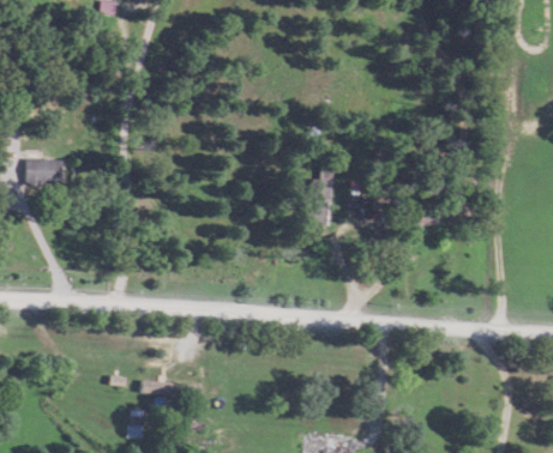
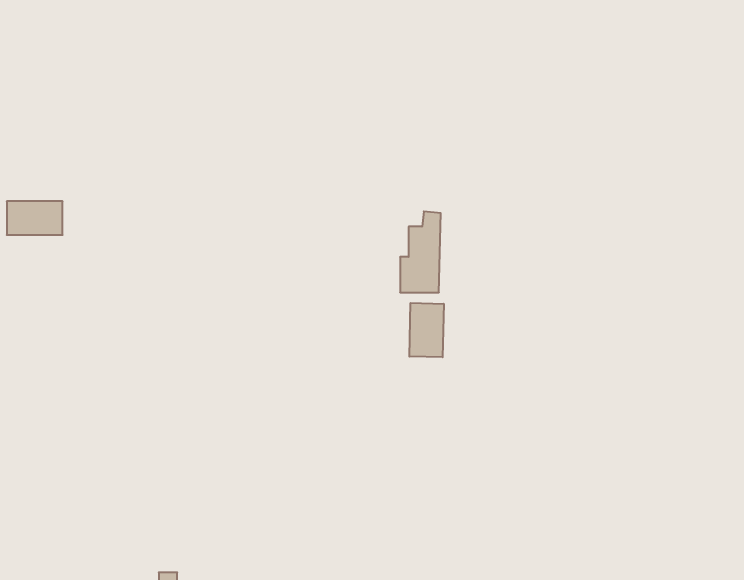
building: none -> [409,303,444,357]

